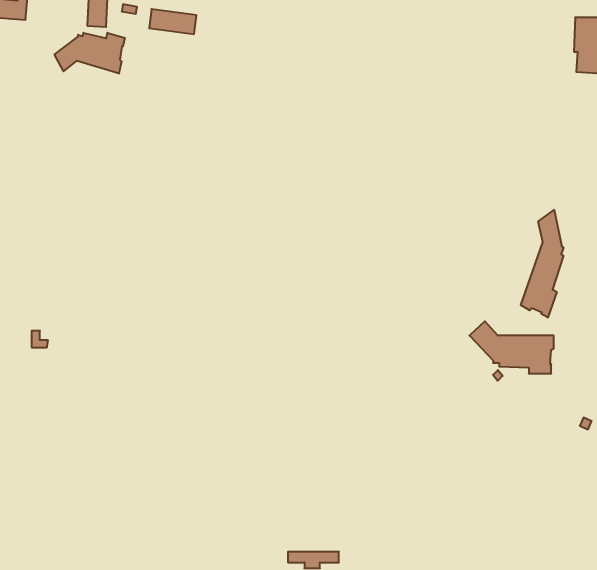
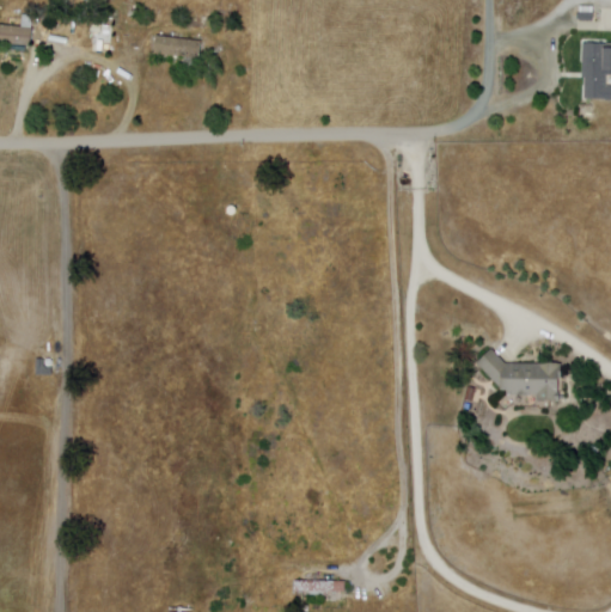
building: [55,33,125,74] -> none
building: [521,210,563,318] -> none

